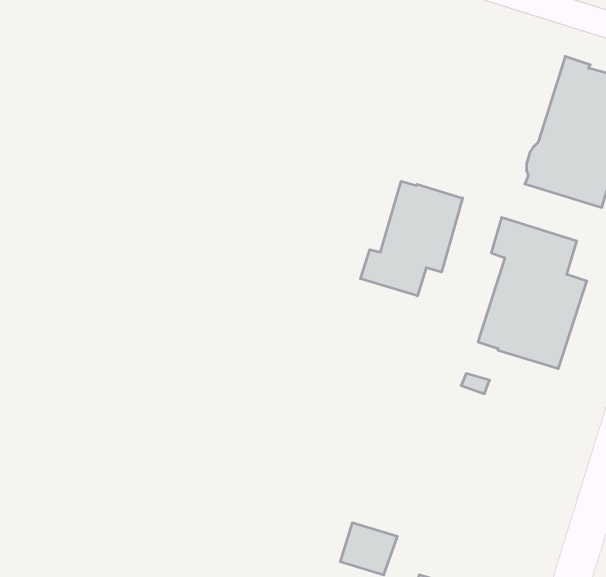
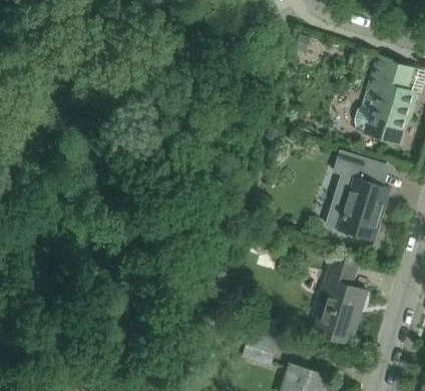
building: [360,181,463,296] -> none
building: none -> [314,257,366,343]

